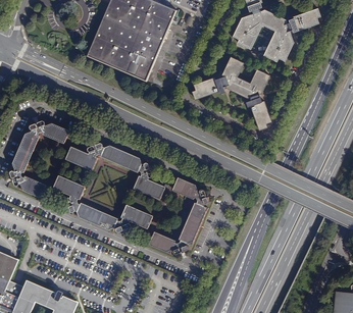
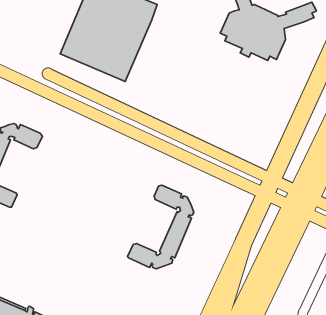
building: [194,57,273,131] -> none
building: [66,142,165,200] -> none
building: [53,176,152,234] -> none

